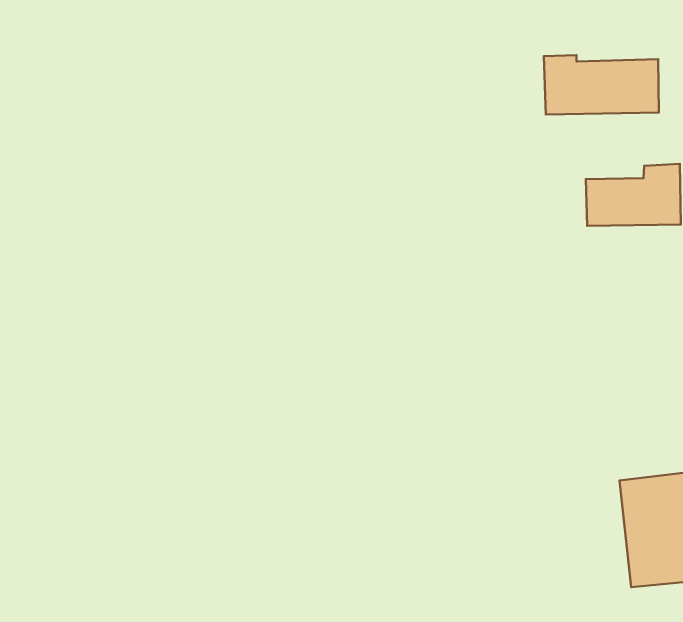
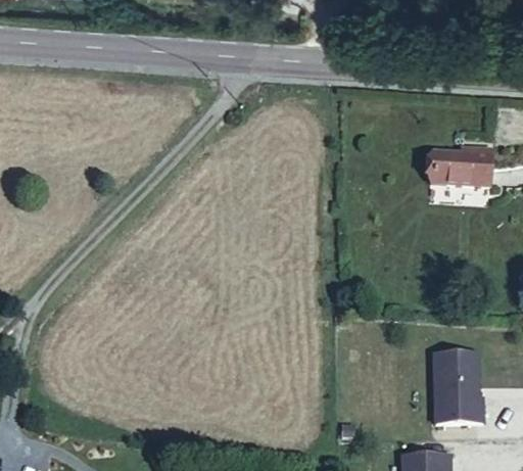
building: [544,55,659,115] -> none

